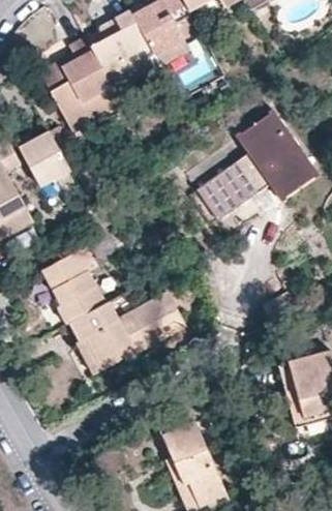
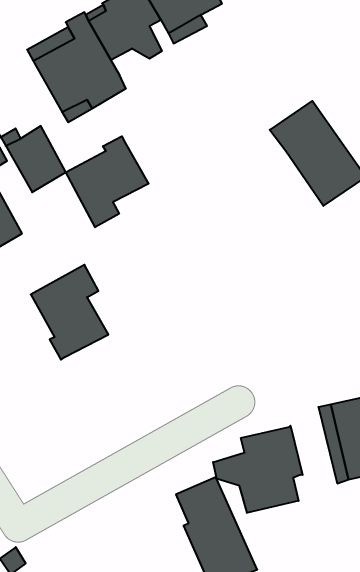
building: none -> [66,136,149,227]
building: [195,151,271,218] -> none
building: [68,293,184,373] -> none
building: none -> [213,426,303,513]

